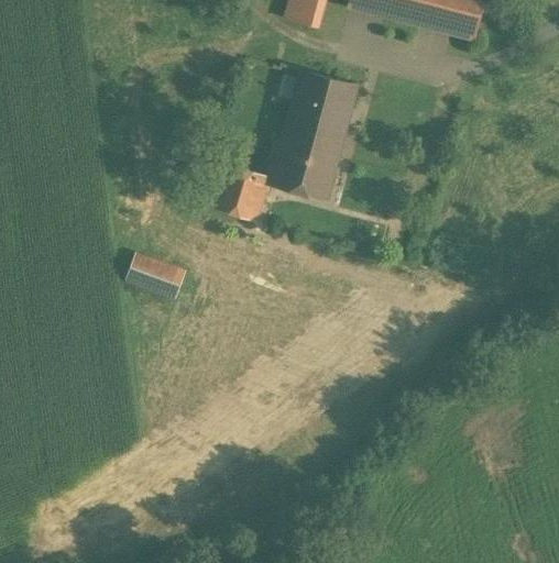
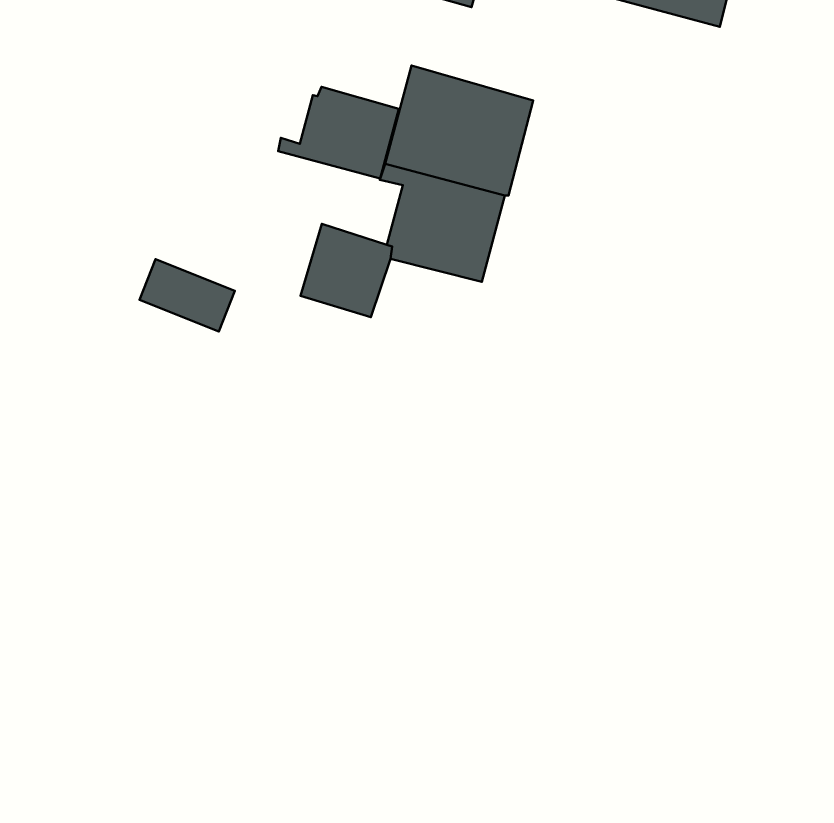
building: none -> [278,87,399,179]
building: [127,252,186,297] -> [140,259,235,331]

